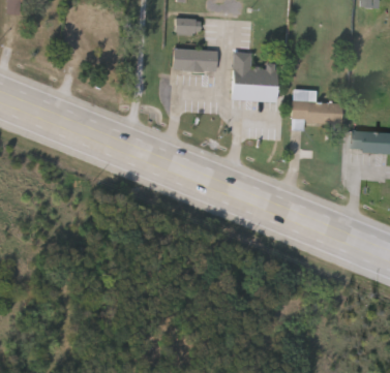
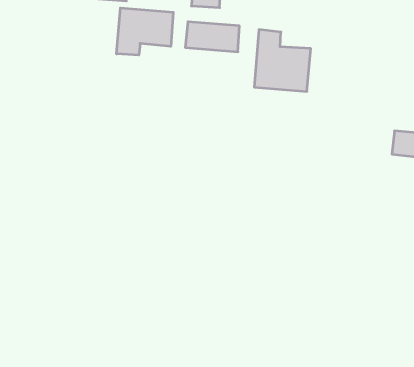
building: none -> [117,8,173,55]
building: [291,89,341,129] -> none

